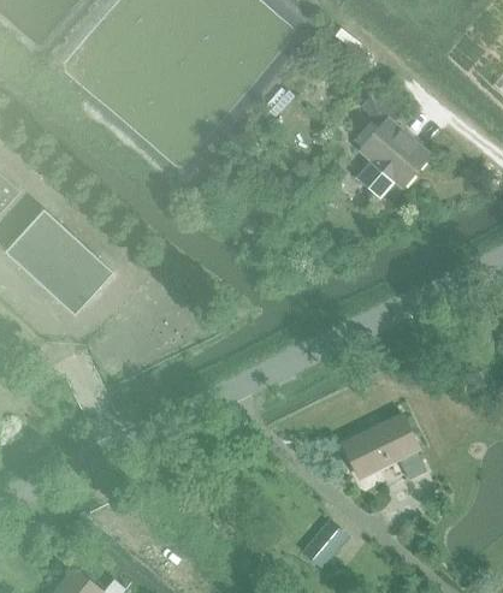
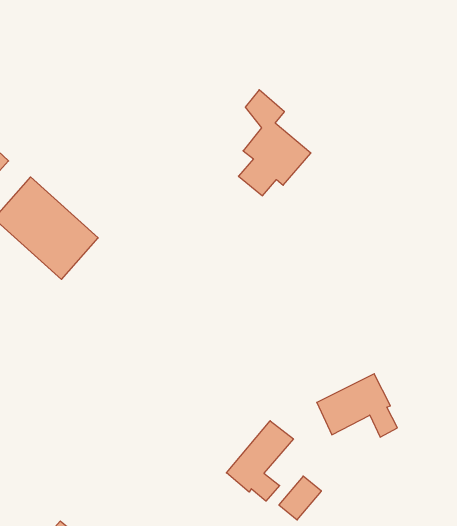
building: [354,88,430,198] -> [238,90,311,196]
building: none -> [226,421,293,501]

